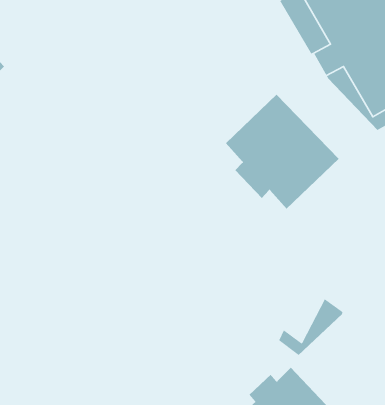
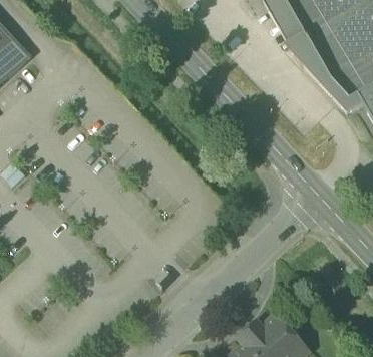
building: [225,94,340,210] -> none
building: [278,298,344,356] -> none

